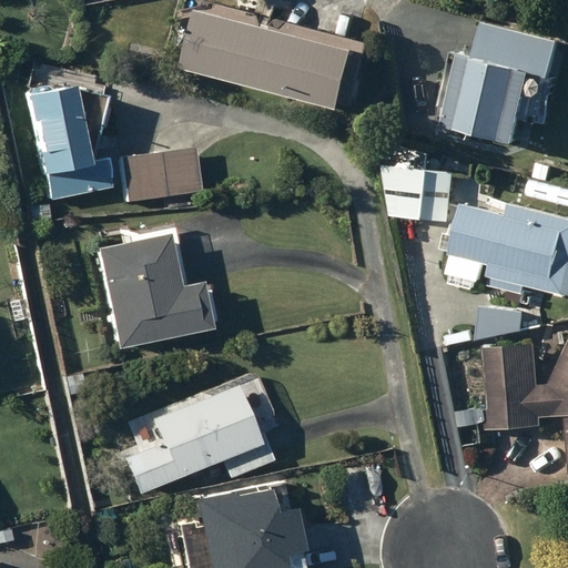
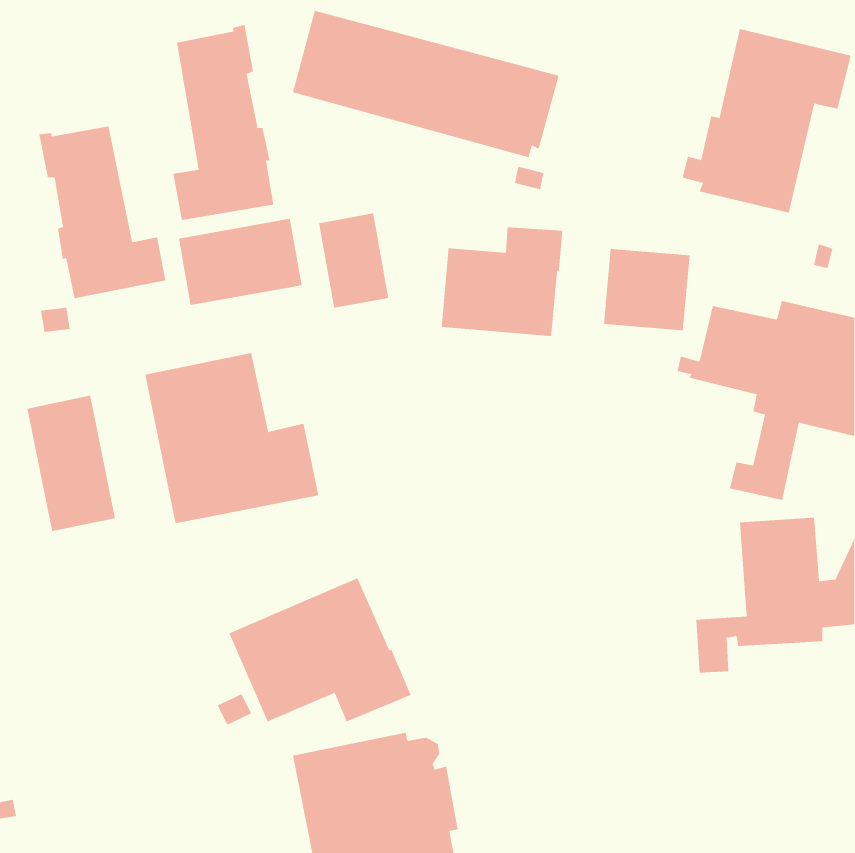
building: none -> [173,24,274,221]
building: none -> [318,213,389,309]
building: none -> [441,227,563,337]
building: none -> [27,395,116,532]

